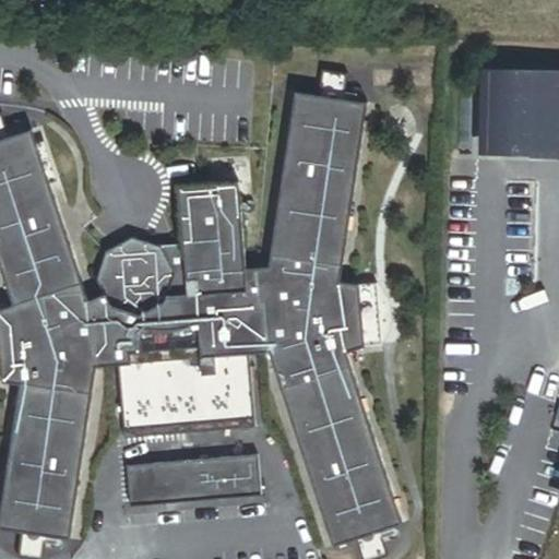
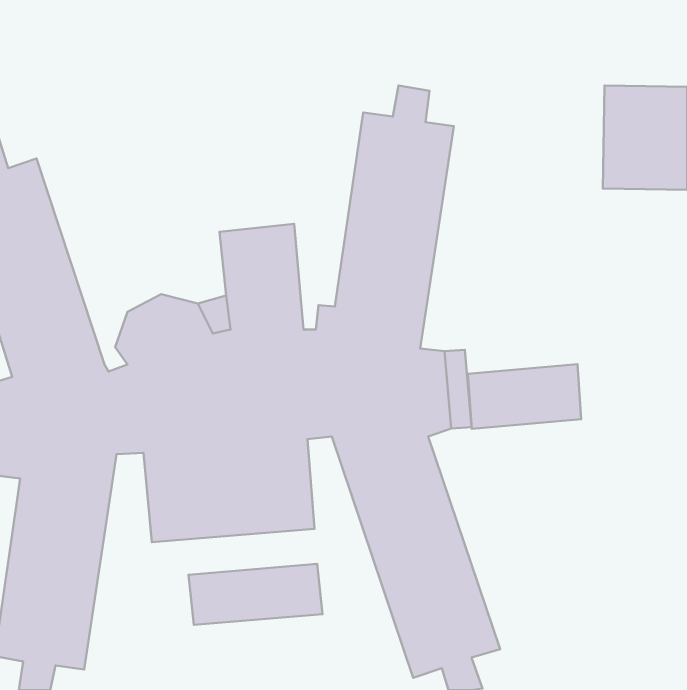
building: none -> [468,364,581,429]
building: [126,463,156,506] -> none

